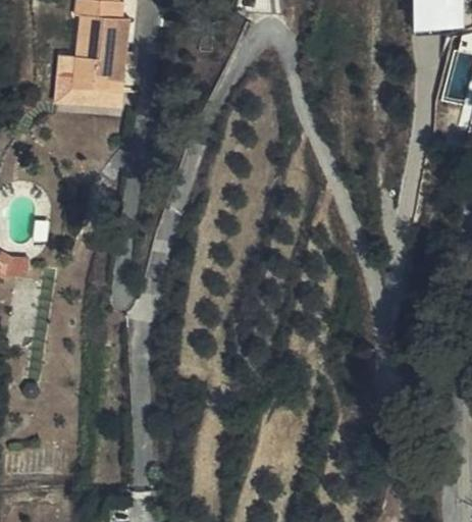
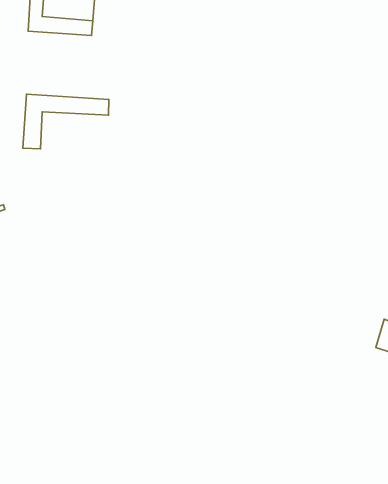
building: none -> [23,94,109,149]

